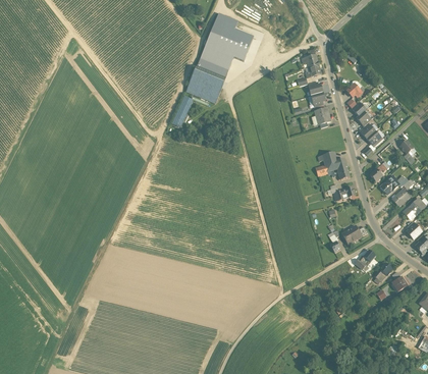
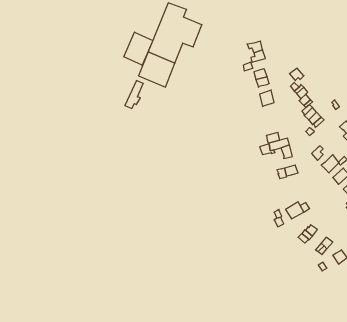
building: none -> [124,32,153,65]

